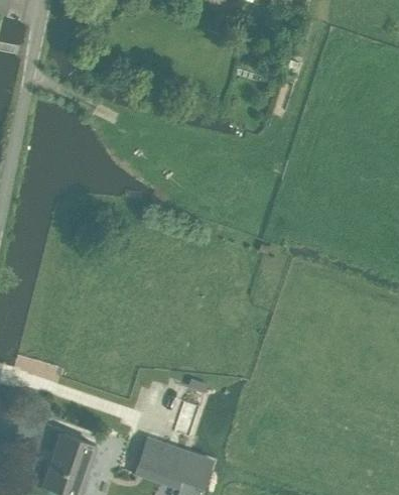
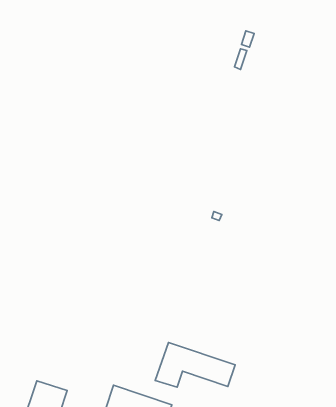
building: none -> [155,342,235,387]

